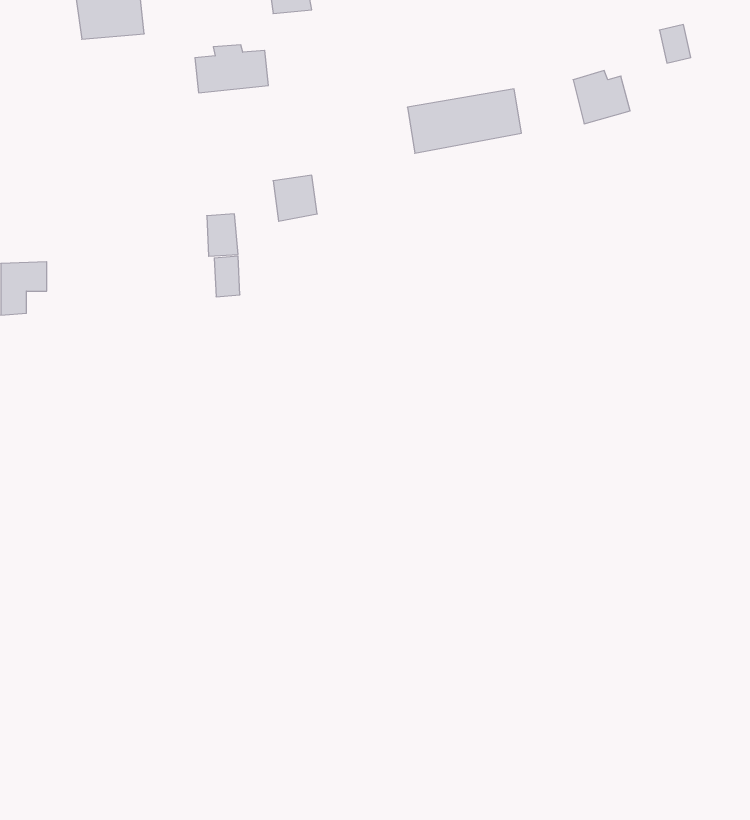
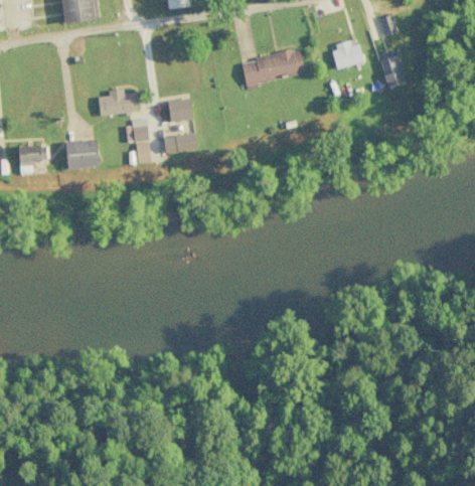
building: [195,45,268,93] -> [98,90,138,116]
building: none -> [377,49,405,90]
building: none -> [163,133,197,154]
building: none -> [66,140,98,169]

